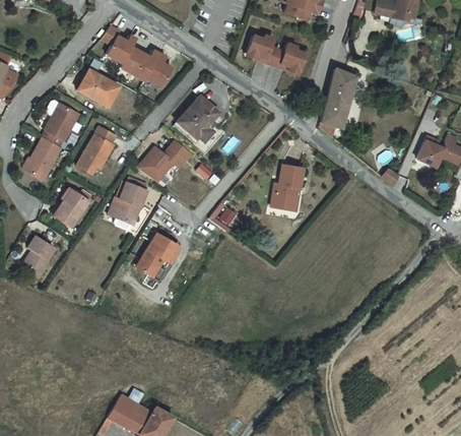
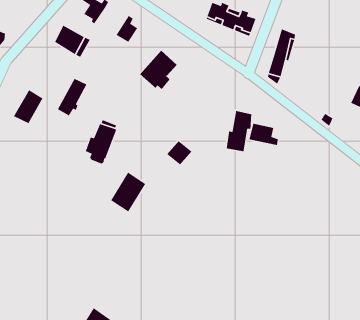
building: [121,45,160,78] -> none
building: [44,102,79,147] -> none
building: [139,138,191,181] -> none
building: none -> [249,123,279,146]
building: [53,192,88,230] -> none
building: [24,235,54,273] -> none

